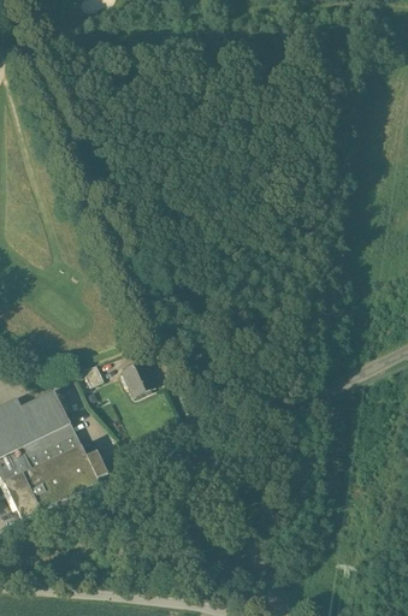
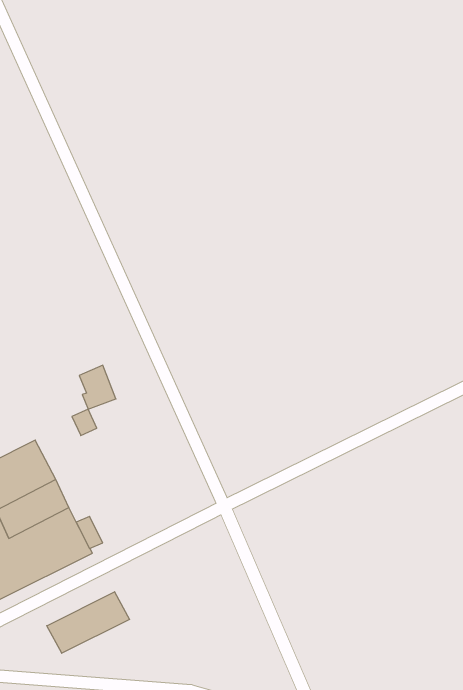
building: [122,359,152,395] -> [79,365,116,409]
building: none -> [47,592,130,653]

